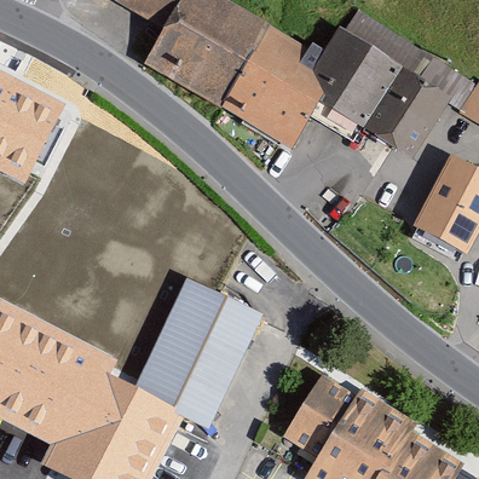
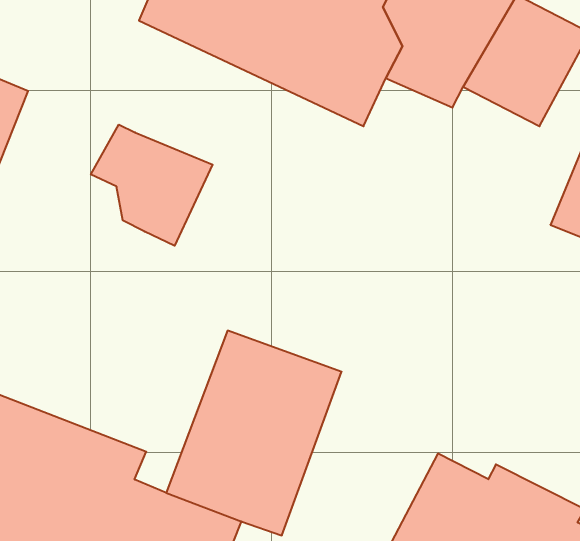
building: none -> [91,125,213,246]

